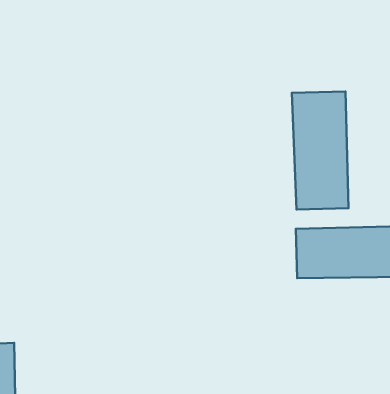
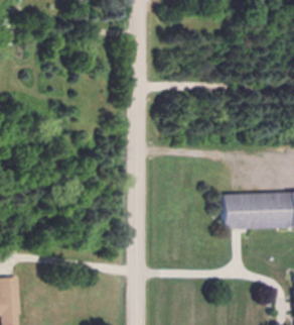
building: [292,92,349,209] -> none

